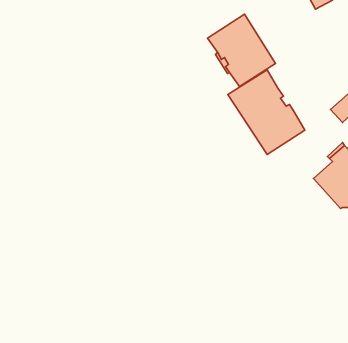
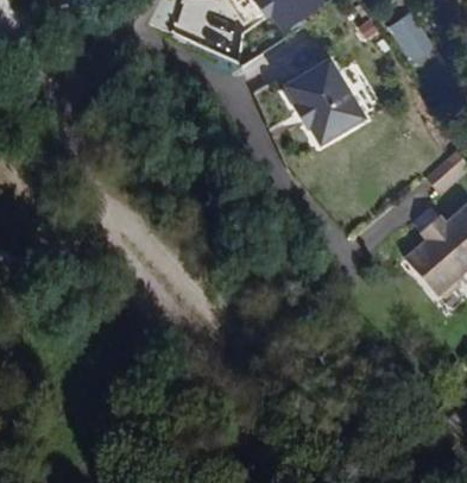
building: [228,70,305,155] -> none

